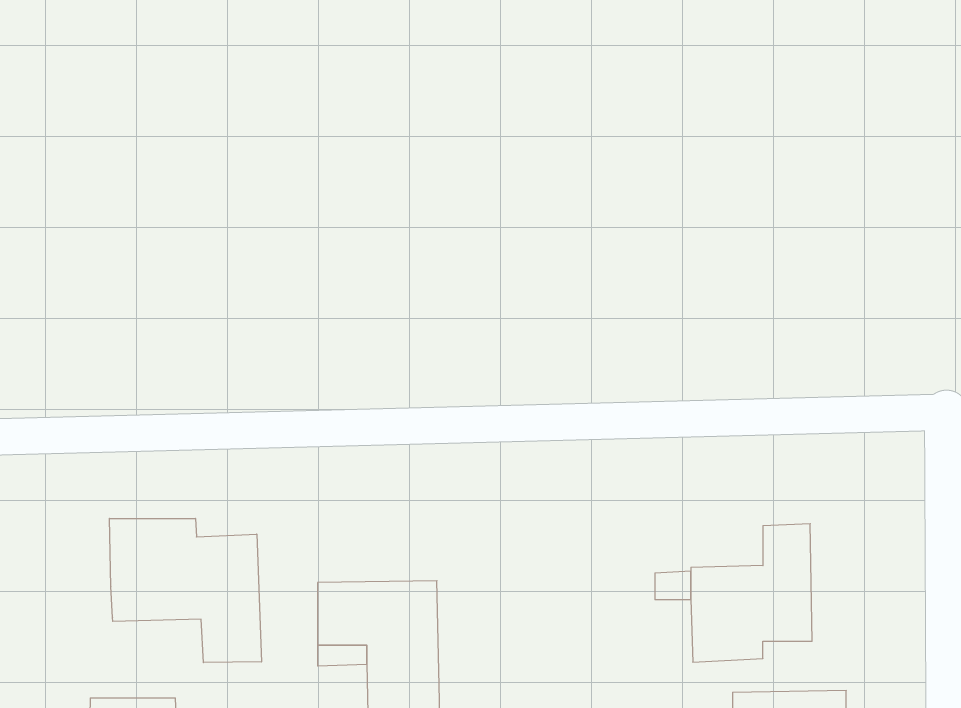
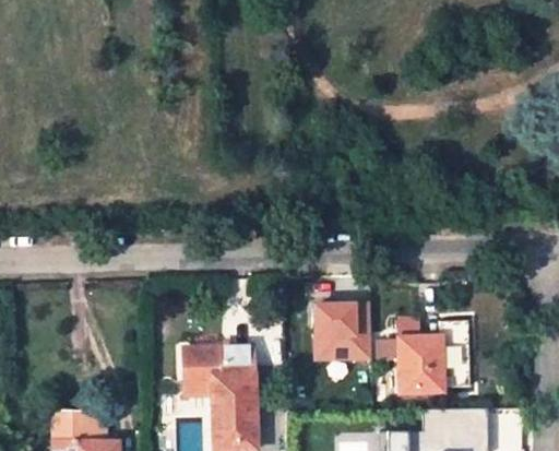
building: none -> [314,305,369,360]
building: [109,518,261,663] -> none

